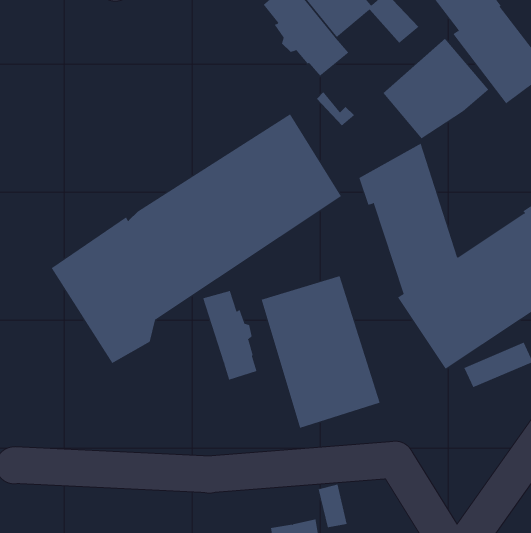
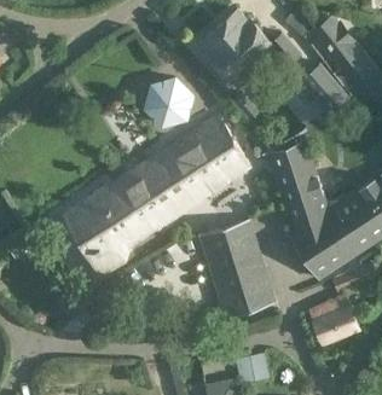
building: none -> [143,77,193,126]
building: [202,290,257,381] -> none
building: none -> [307,294,360,347]

